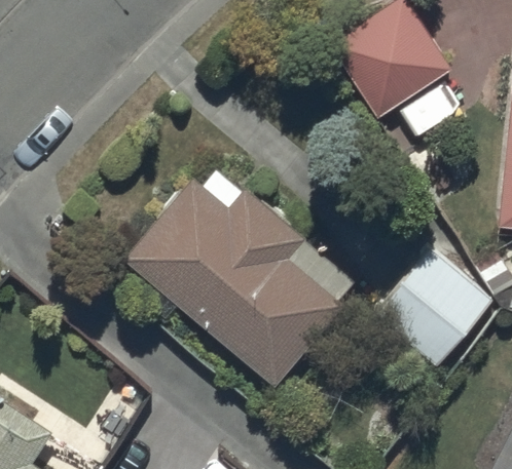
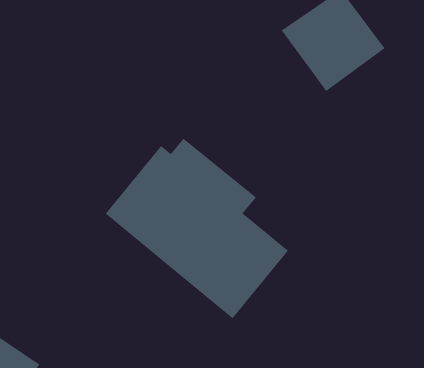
building: [379,251,490,363] -> none

